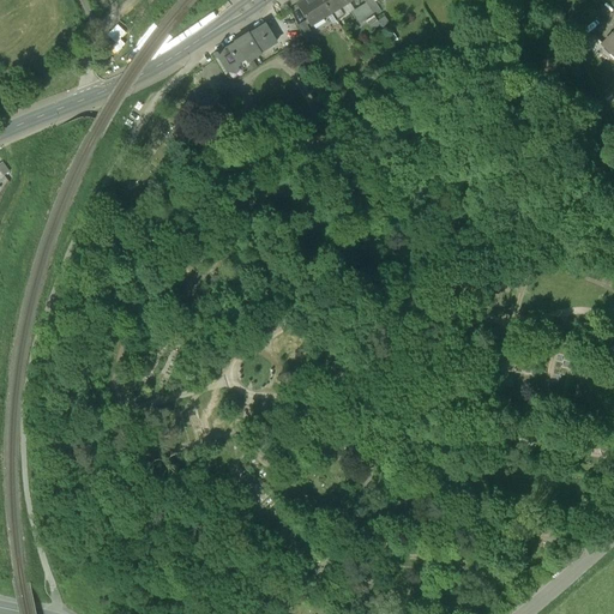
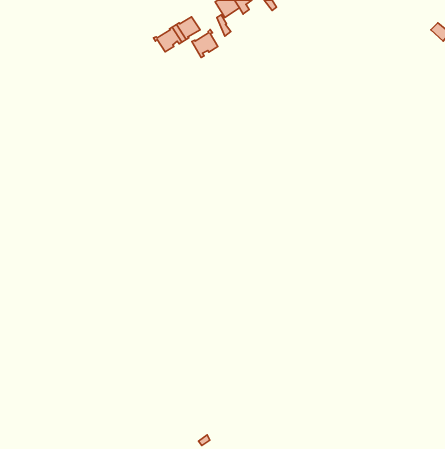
building: none -> [192,30,218,57]

